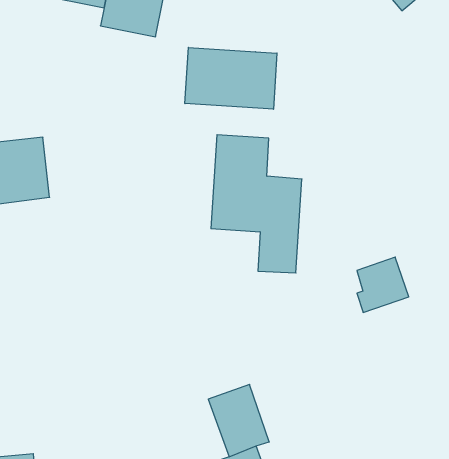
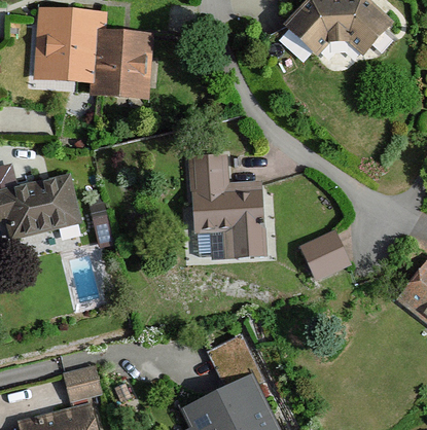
building: [185,47,277,109] -> none
building: none -> [65,366,104,403]

